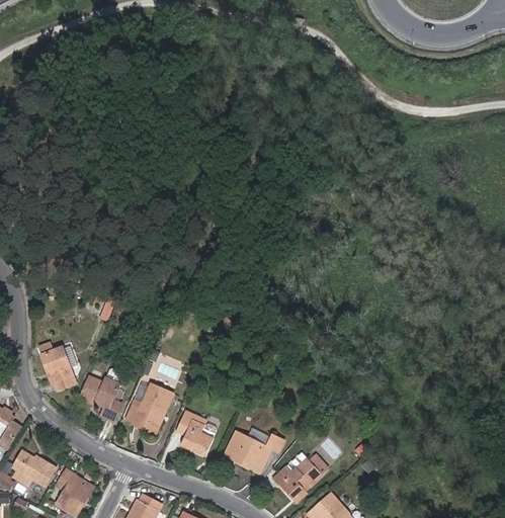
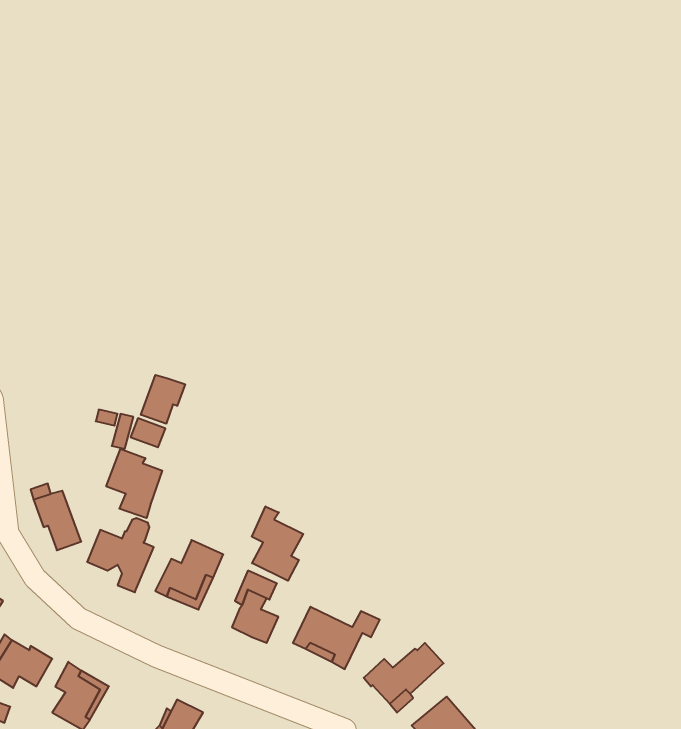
building: none -> [141,375,185,424]
building: none -> [106,449,162,518]
building: none -> [252,506,303,581]

